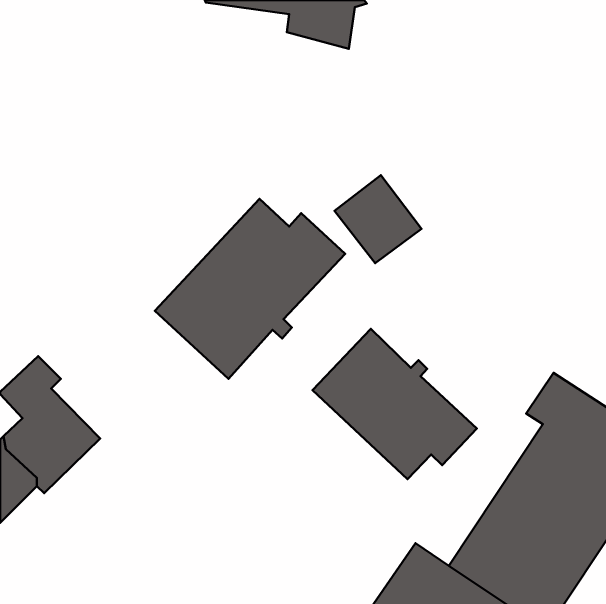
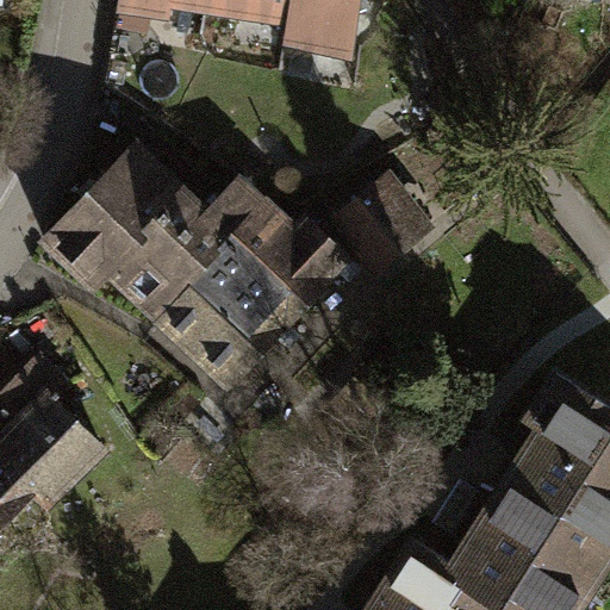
building: none -> [45,144,262,316]
building: [312,329,477,479] -> none

